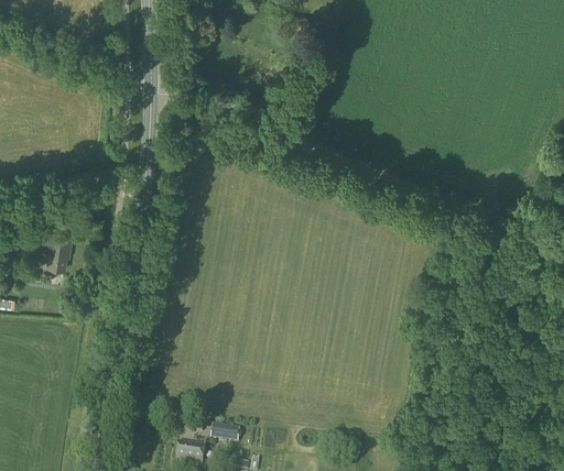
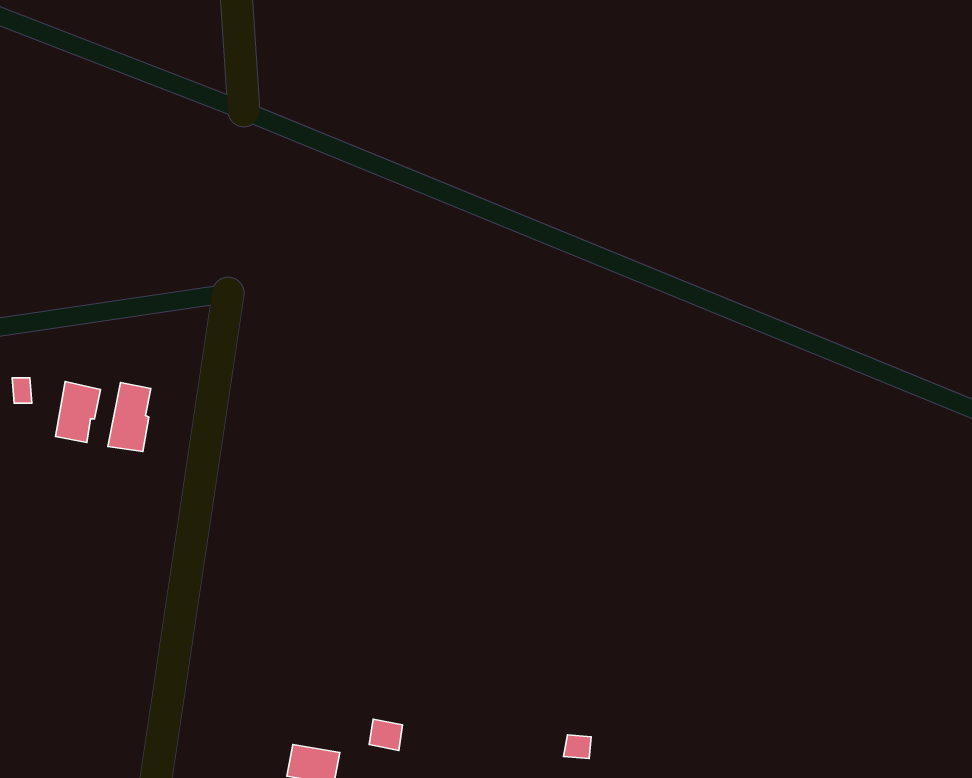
building: none -> [108,383,151,451]

